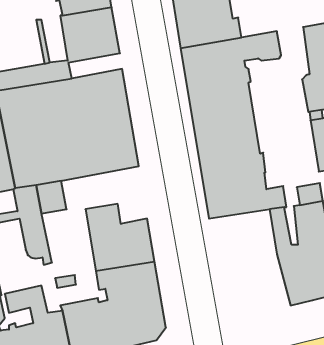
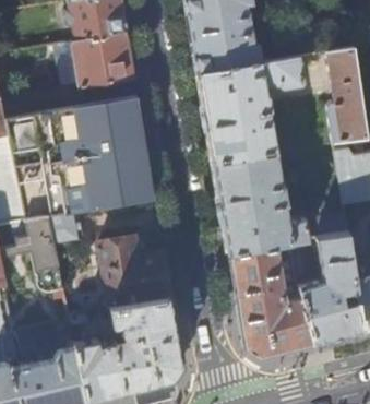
building: none -> [228,242,313,357]

